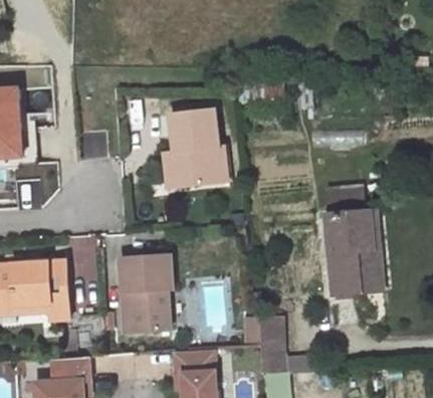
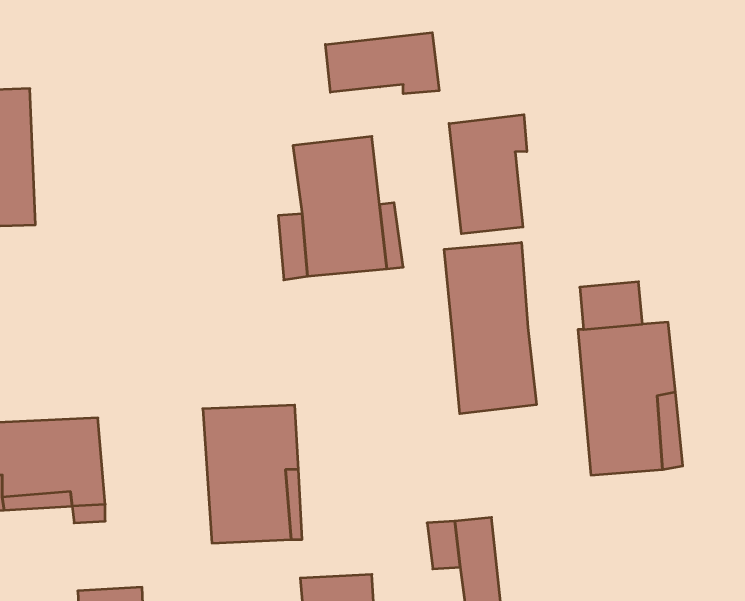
building: none -> [325,33,439,94]
building: none -> [449,115,527,234]
building: none -> [444,242,536,414]

